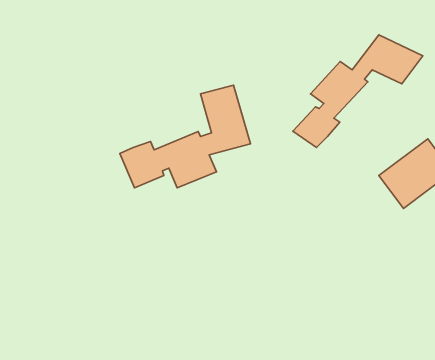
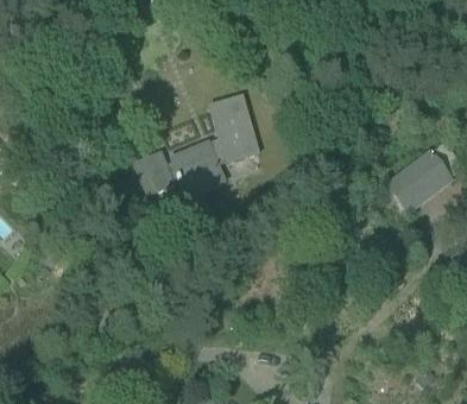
building: [293,35,423,148] -> none

